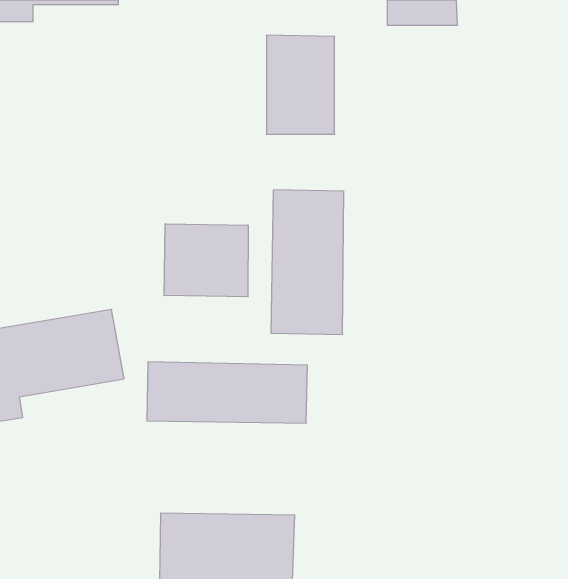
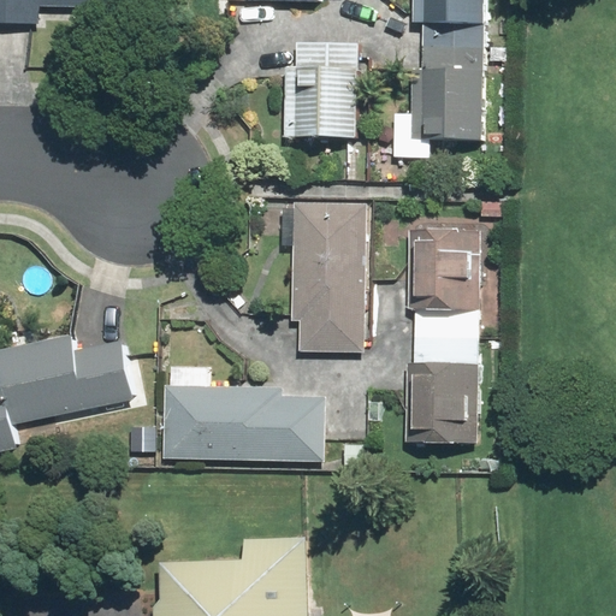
building: none -> [403,36,482,140]
building: none -> [414,227,479,436]
building: [164,224,248,297] -> none

